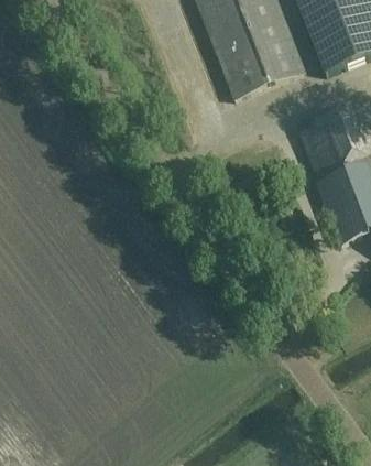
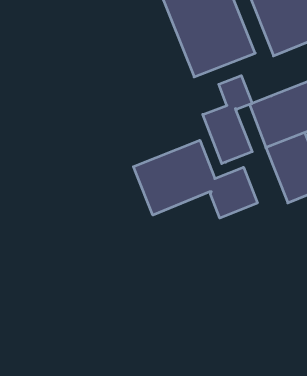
building: none -> [203,76,252,164]
building: none -> [133,140,257,218]

